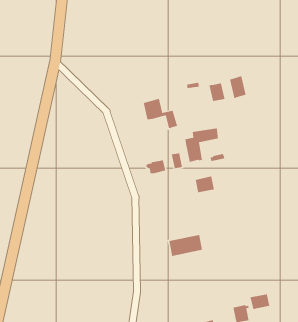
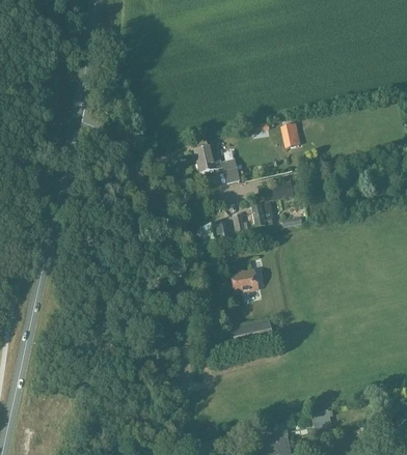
building: [229,75,247,99] -> none
building: [195,176,215,193] -> [232,268,257,291]
building: [250,293,271,310] -> none

